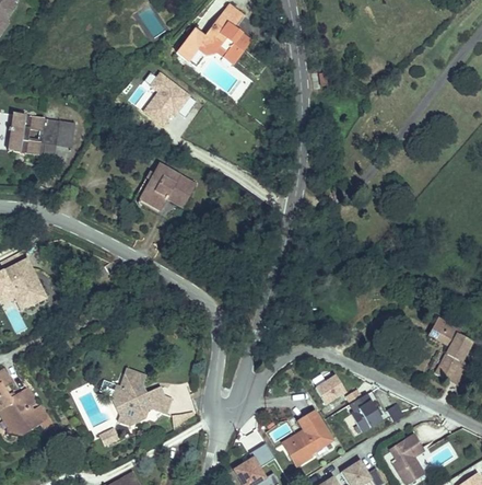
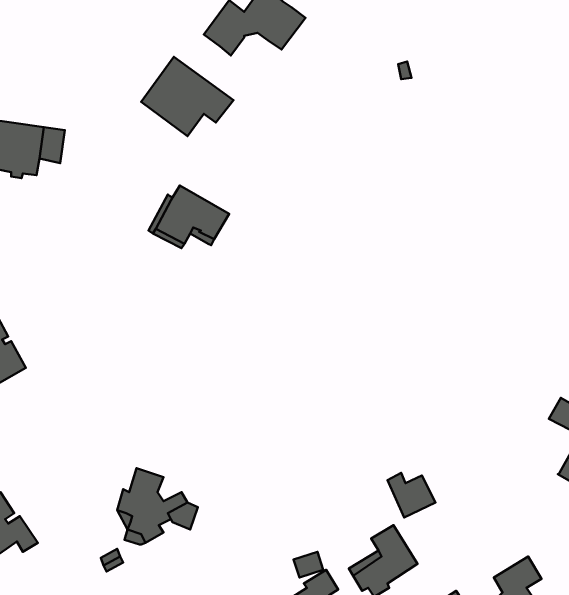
building: [350,394,381,431] -> none

